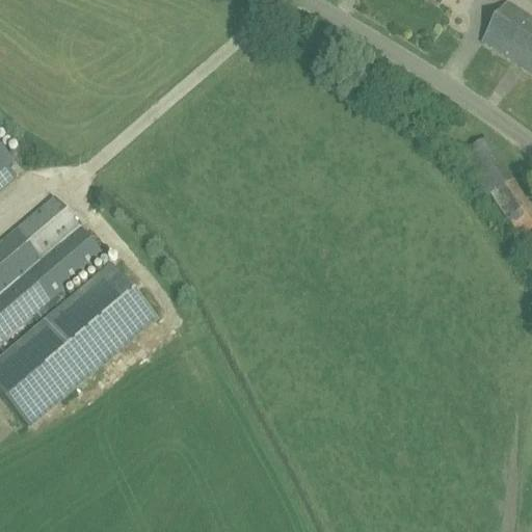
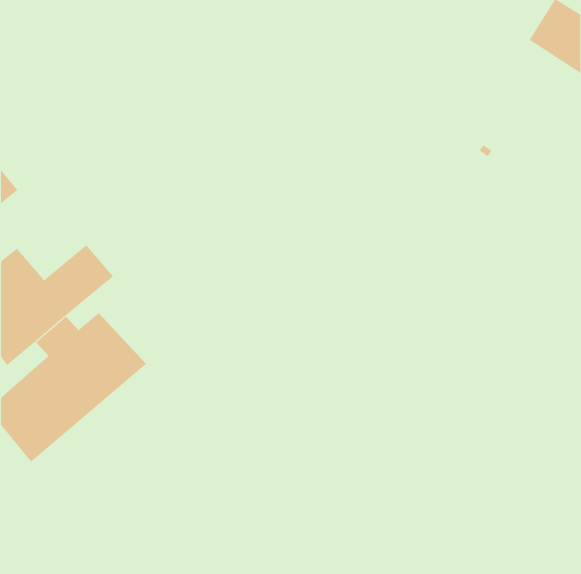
building: [16,194,79,256] -> none
building: [90,265,156,332] -> none

